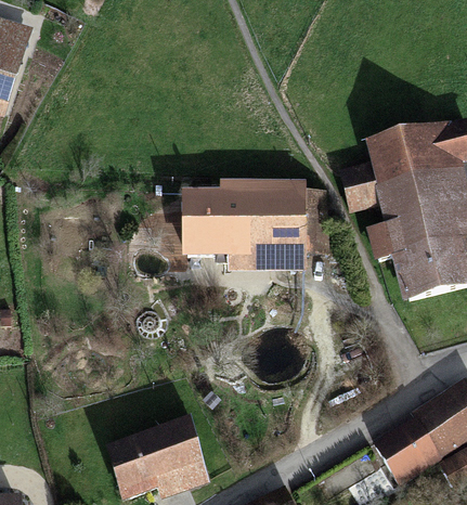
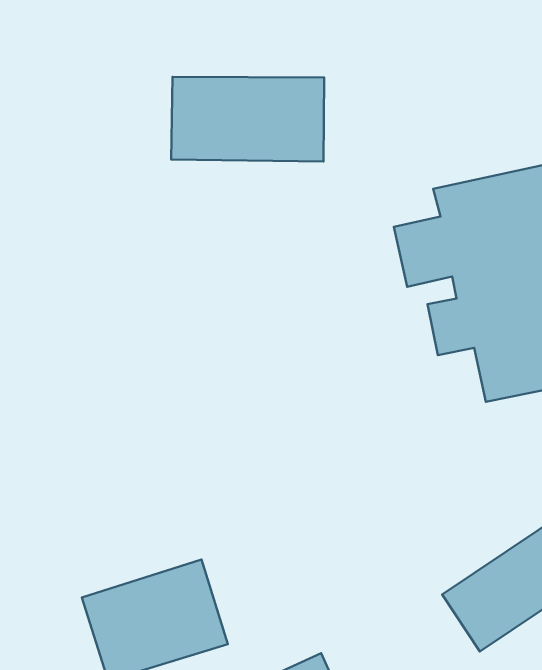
building: none -> [171,77,324,161]
building: [182,180,309,267] -> none

